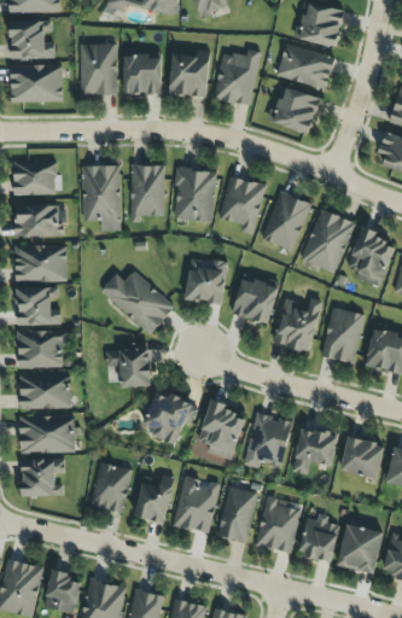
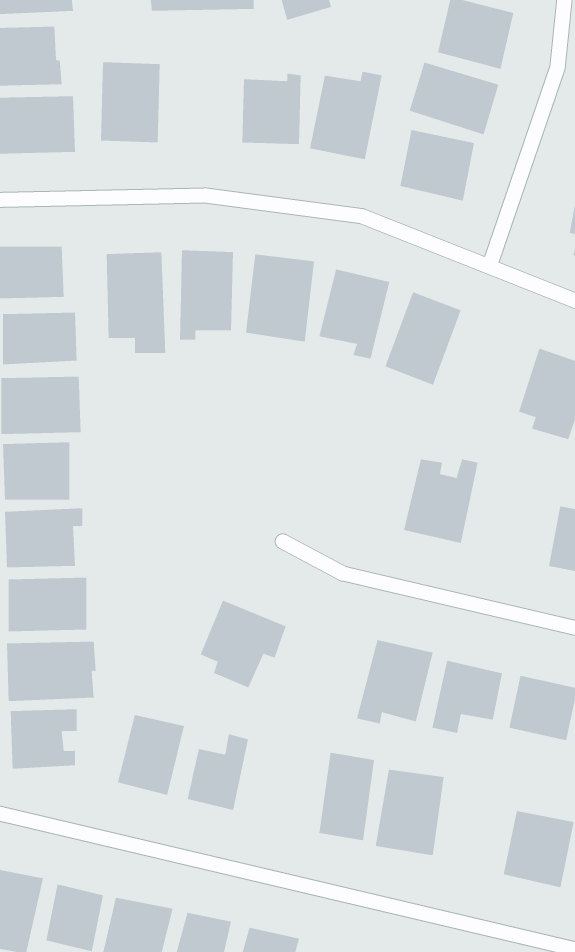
building: [123,52,162,94] -> none
building: [299,209,355,273] -> none
building: [185,258,227,304] -> none
building: [100,272,175,334] -> none
building: [232,279,278,323] -> none
building: [320,308,365,365] -> none
building: [105,345,151,387] -> none
building: [197,401,244,460] -> none
building: [171,476,219,534] -> none
building: [299,519,338,560] -> none

